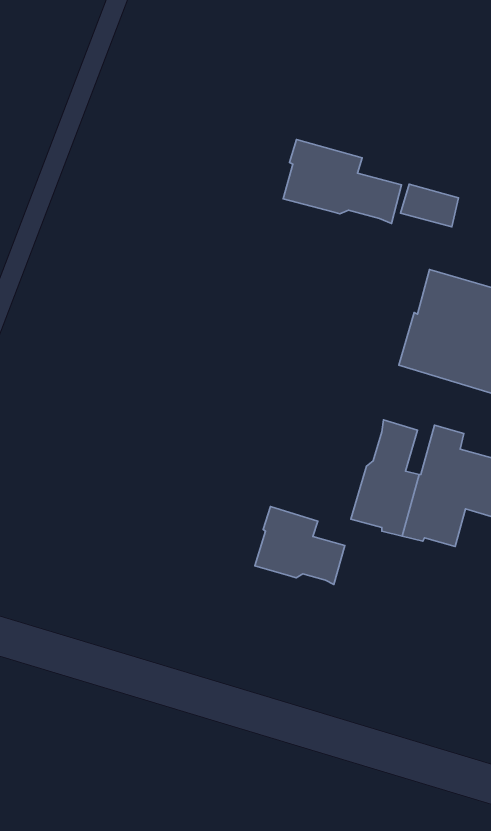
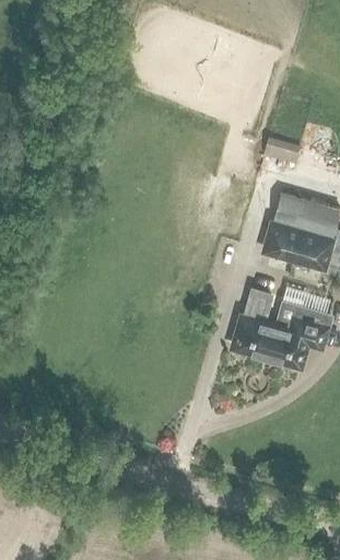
building: [283,140,401,224] -> none
building: [255,507,345,585] -> none

